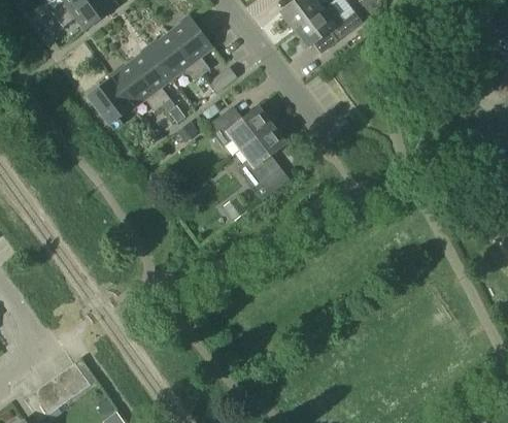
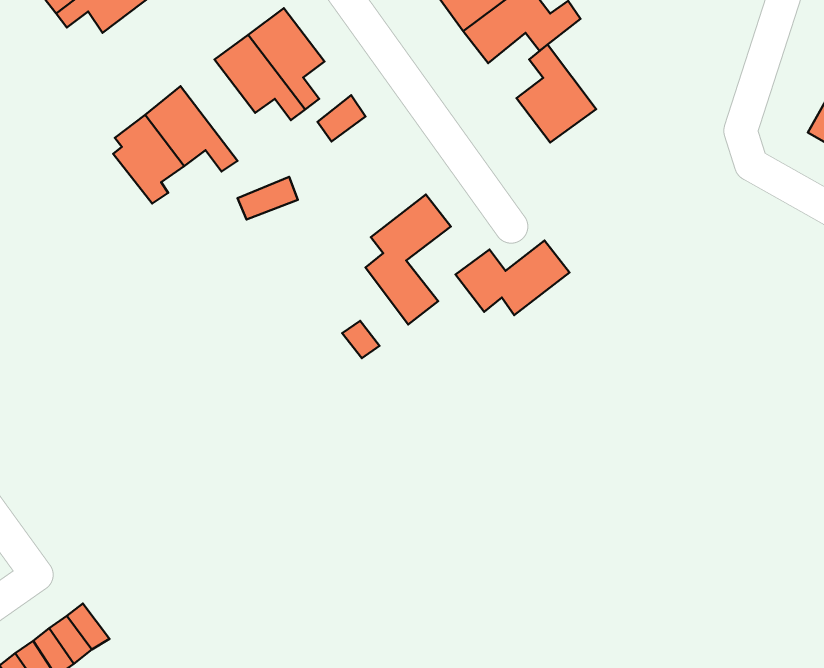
building: none -> [517,44,596,143]
building: [131,46,174,105] -> none
building: [207,106,273,150] -> [456,241,569,315]

